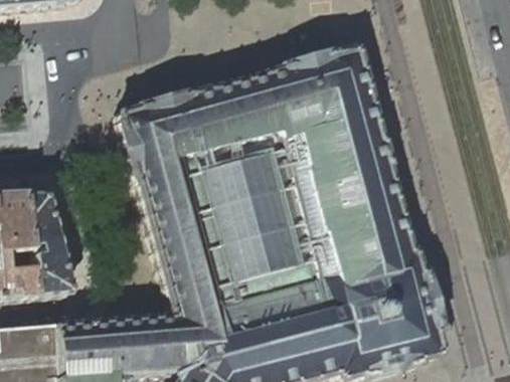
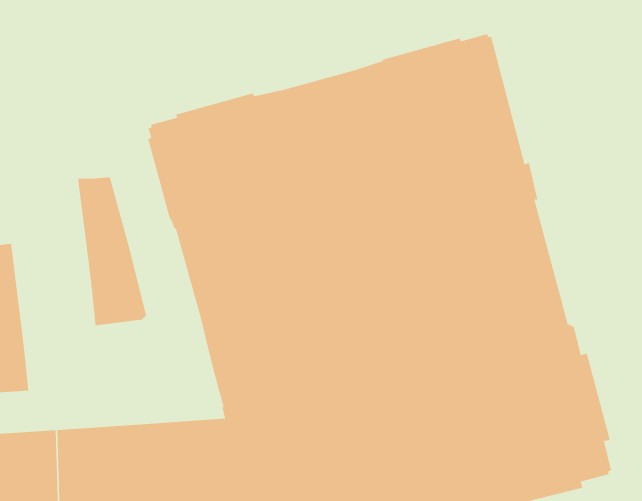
building: [19,194,67,298] -> [77,177,147,326]

